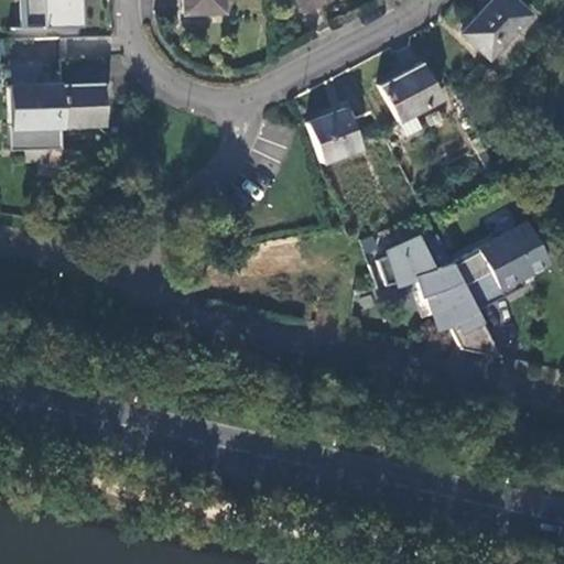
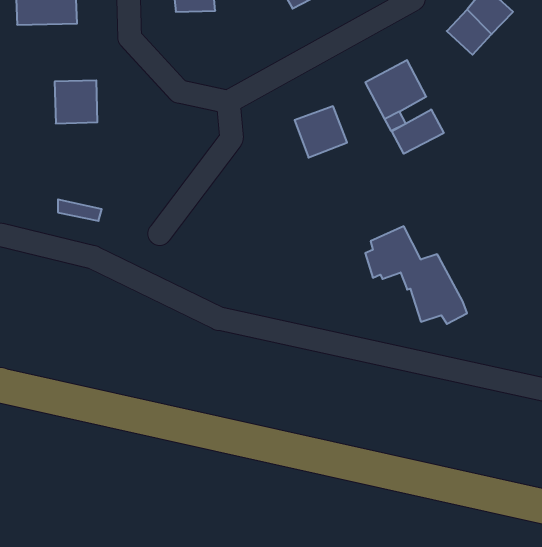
building: [10,84,64,152] -> none
building: none -> [392,109,444,154]
building: [457,218,554,310] -> none

